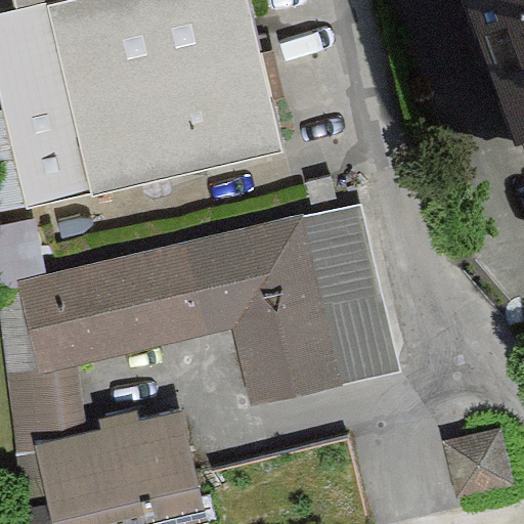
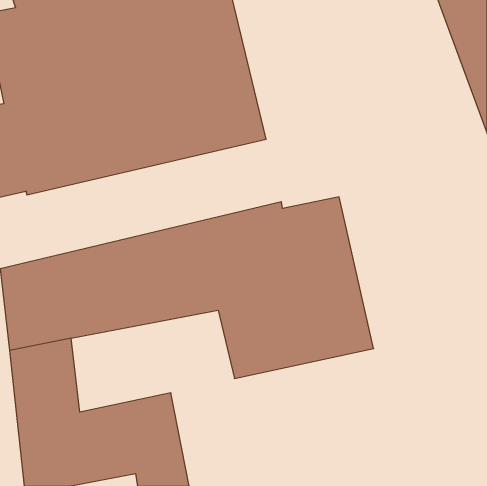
building: [445,430,511,495] -> none

